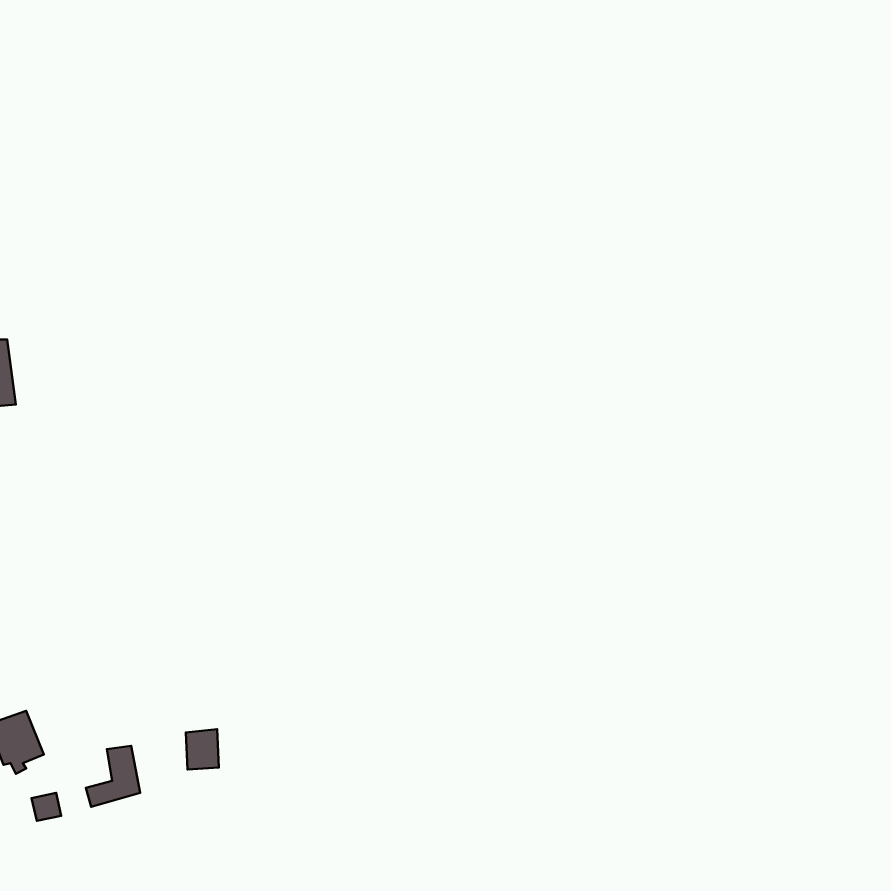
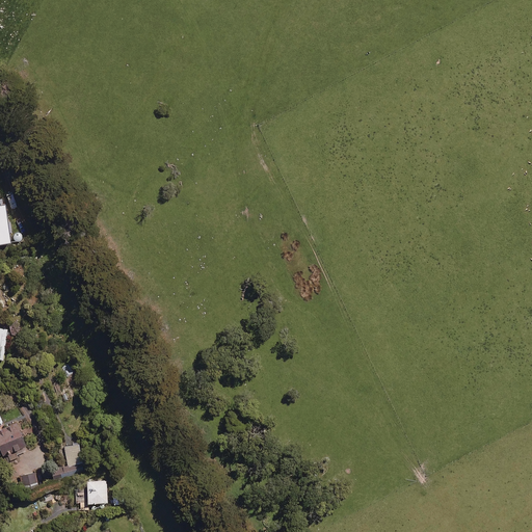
building: [186,729,219,769] -> [86,478,106,502]

